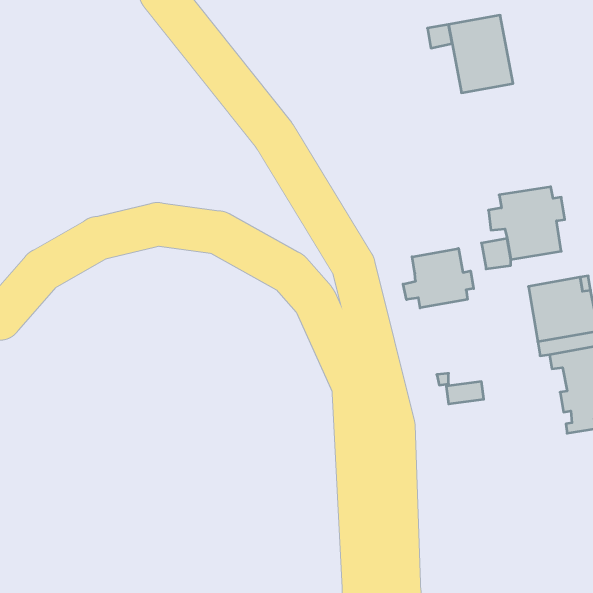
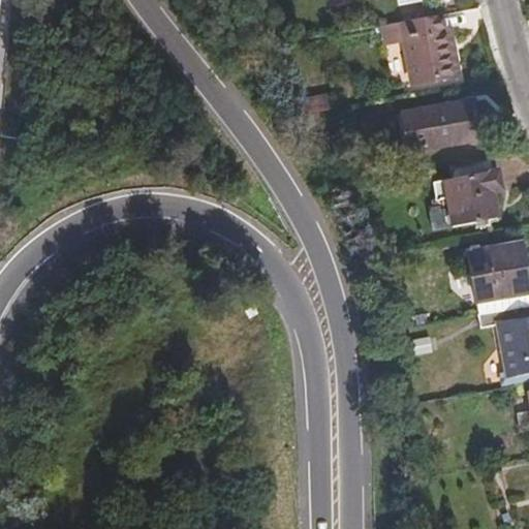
building: none -> [403,97,480,147]
building: [403,248,474,308] -> none

